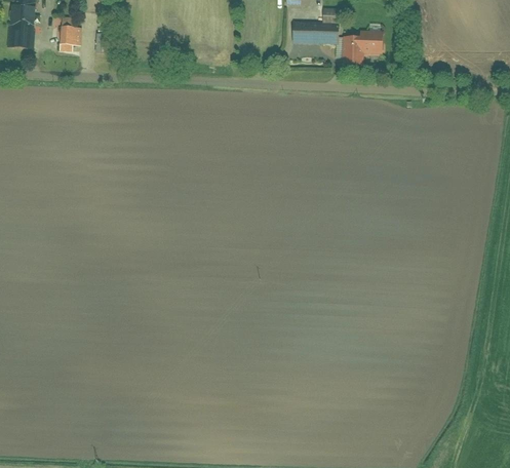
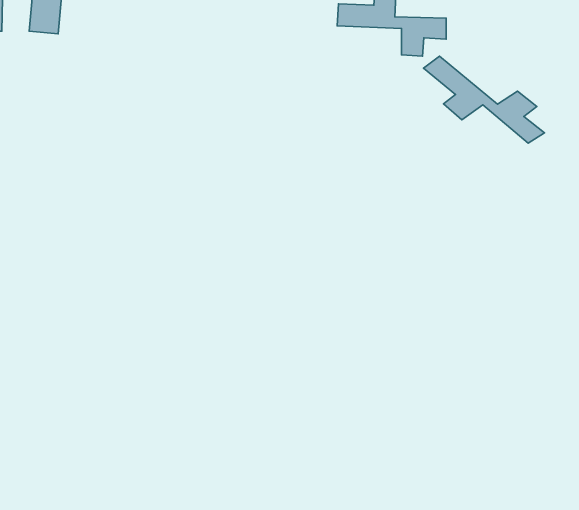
building: none -> [424,56,544,143]

